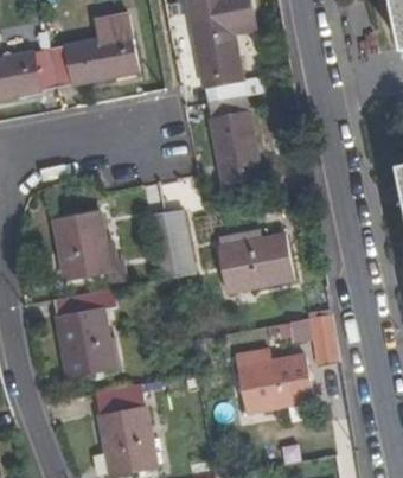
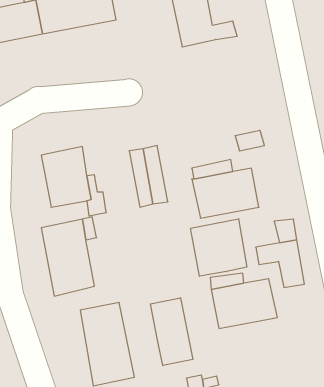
building: [207,94,261,181] -> none
building: none -> [191,219,247,276]
building: none -> [150,298,193,366]

